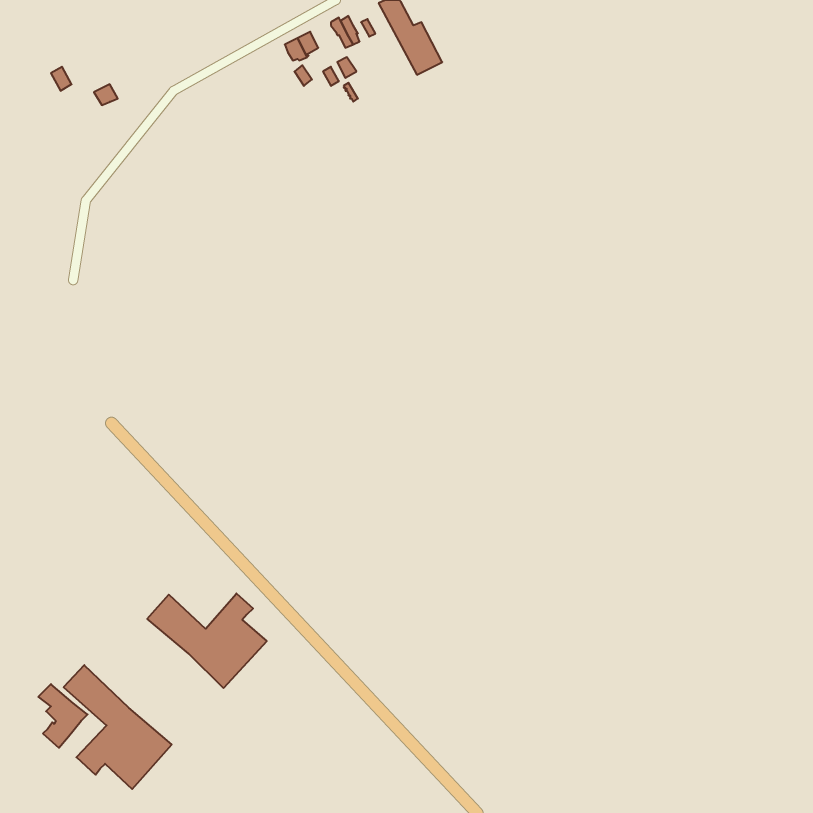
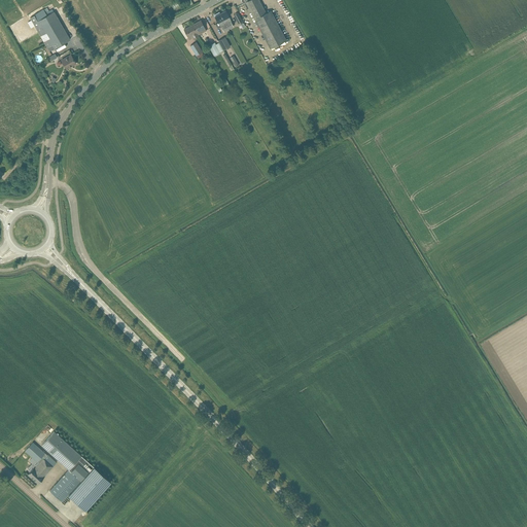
building: none -> [30,8,70,51]
building: [147,593,267,688] -> none

